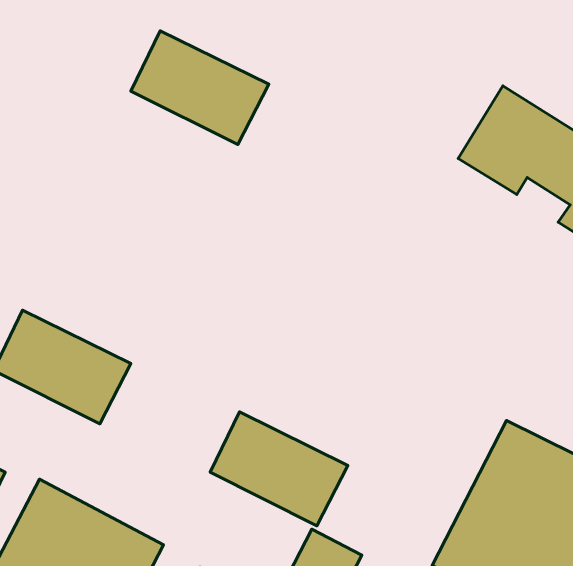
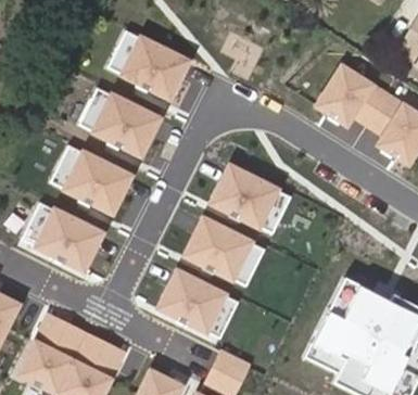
building: none -> [81,90,168,162]
building: none -> [49,142,136,214]
building: none -> [208,165,295,237]
building: none -> [179,216,266,288]

